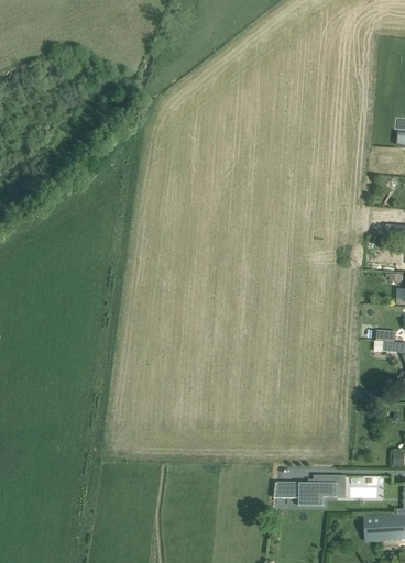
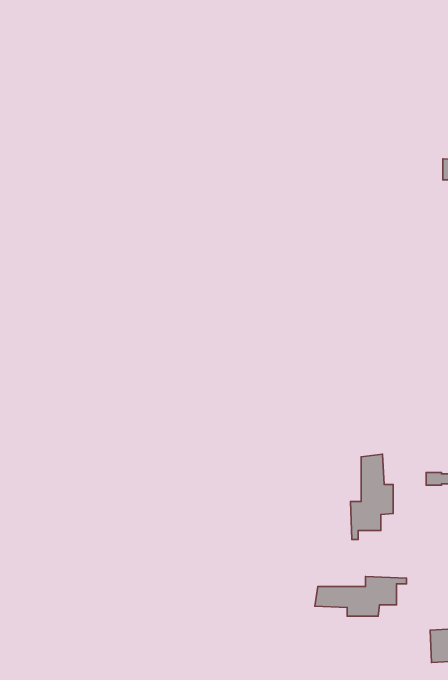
building: none -> [350,454,393,540]

